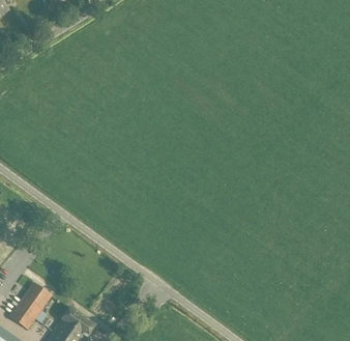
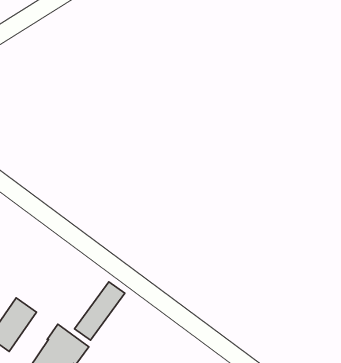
building: none -> [74,282,125,340]

